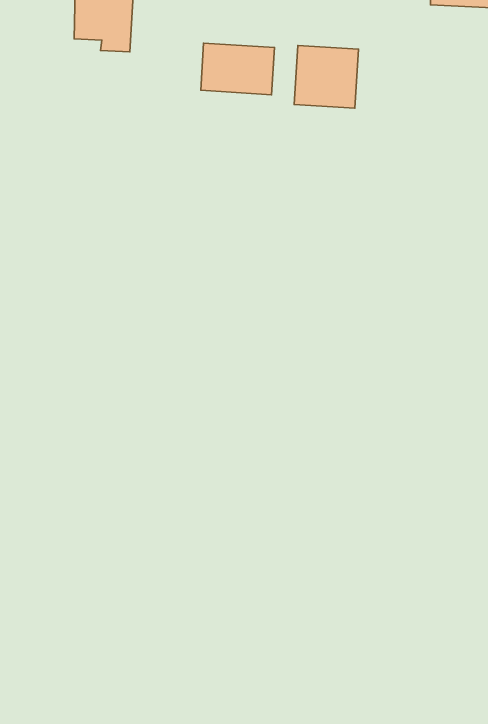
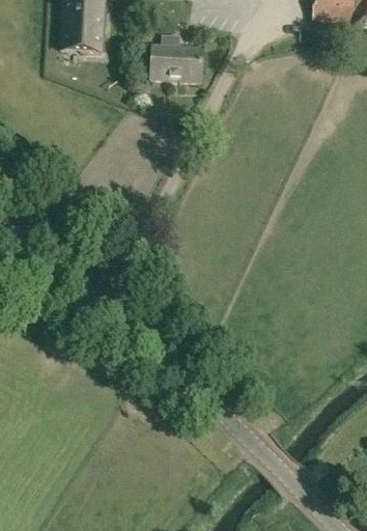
building: [294,46,358,108] -> none

